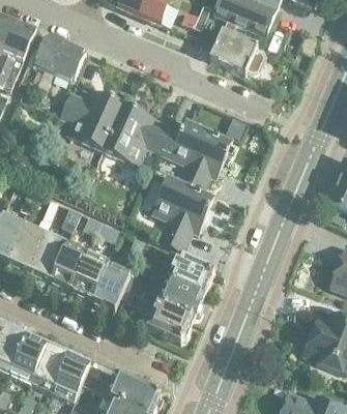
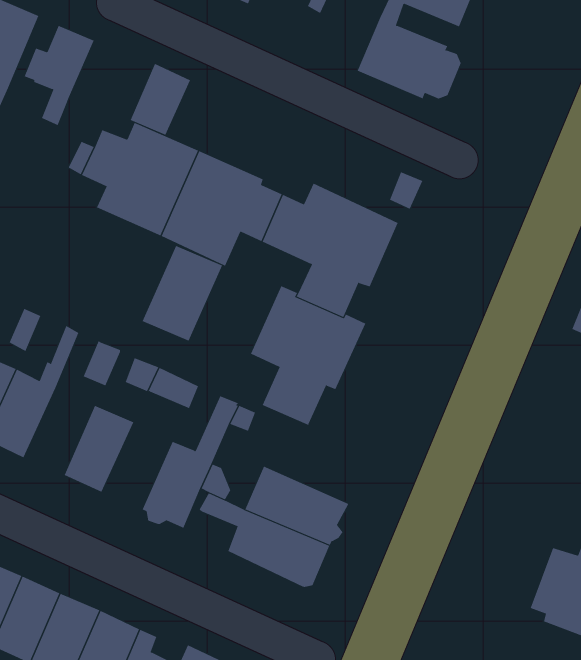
building: [53,43,86,83] -> [130,63,191,135]
building: none -> [142,245,223,342]
building: [28,233,66,280] -> none
building: [70,252,109,299] -> none
building: [158,252,214,296] -> none

